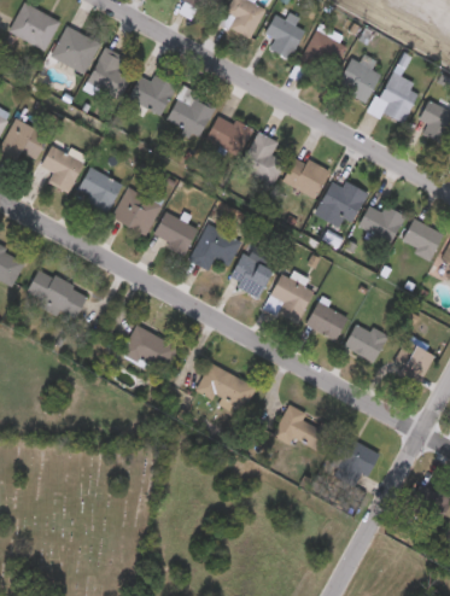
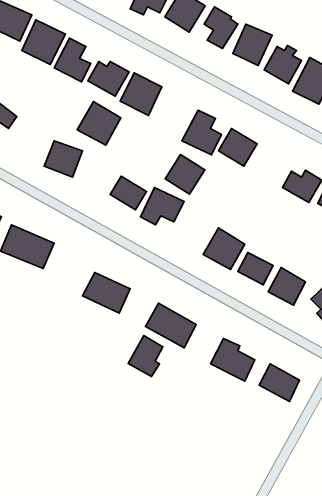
building: [206,115,252,157] -> none
building: [36,140,88,192] -> none
building: [321,176,368,222] -> none
building: [112,183,164,235] -> [77,101,121,145]
building: [227,253,274,300] -> [165,155,205,194]
building: none -> [128,336,163,376]

